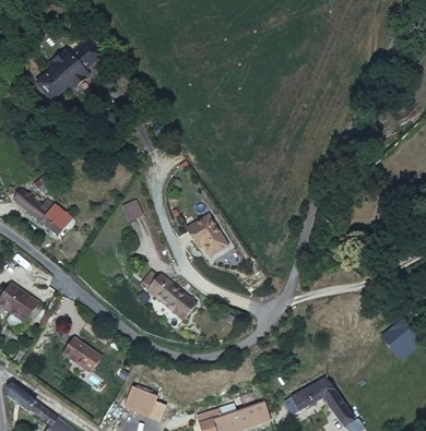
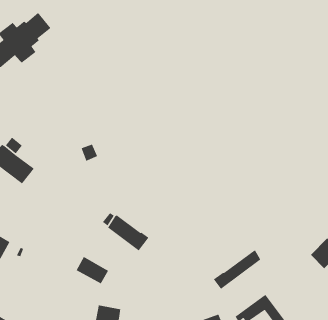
building: [181,213,222,253] -> none
building: none -> [213,250,262,290]
building: [64,336,103,370] -> [76,256,109,284]

